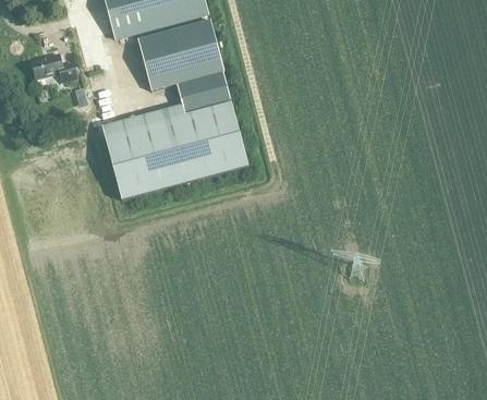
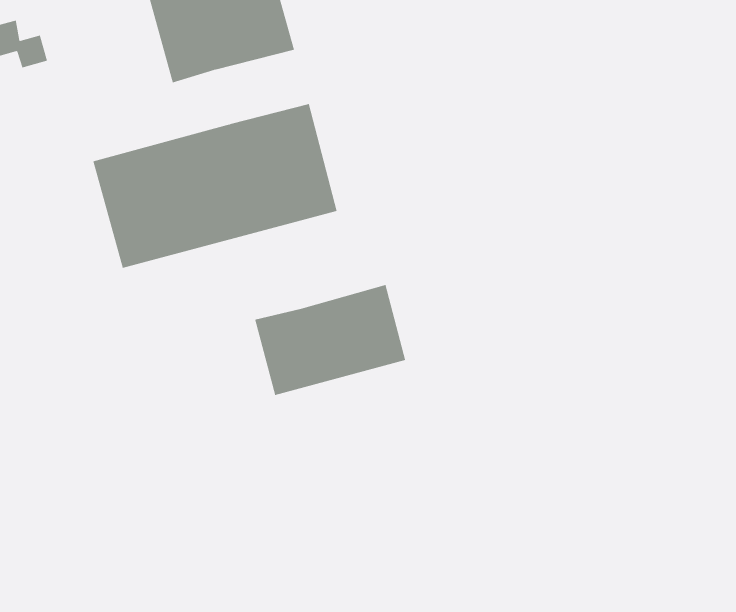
building: [175,69,231,112] -> none
building: none -> [255,284,406,396]

